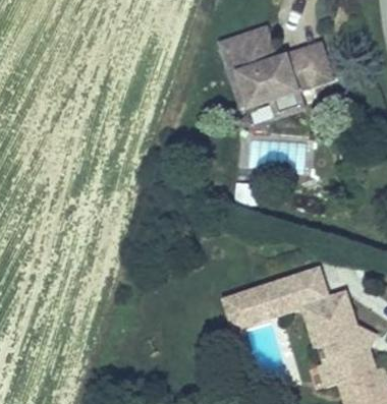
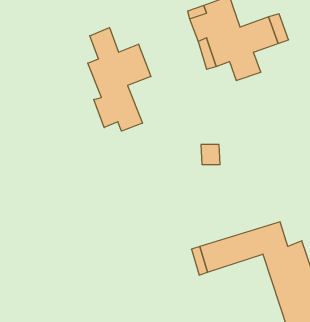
building: none -> [88,28,151,131]

